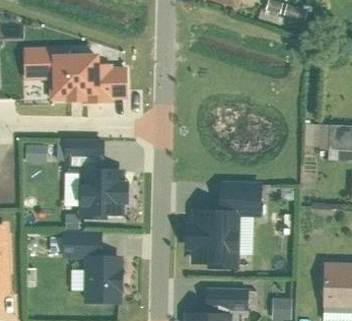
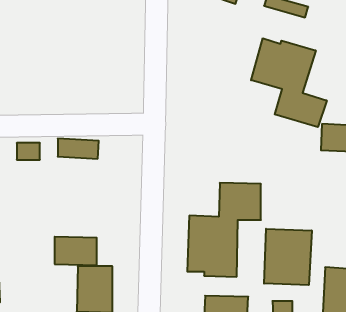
building: none -> [251,38,327,127]
building: [24,47,128,104] -> none
building: [80,170,125,216] -> none
building: none -> [264,229,312,285]

